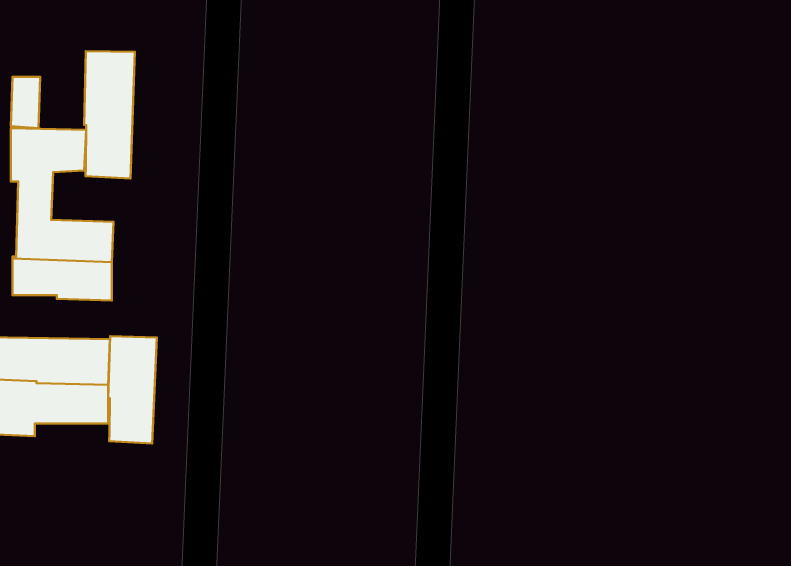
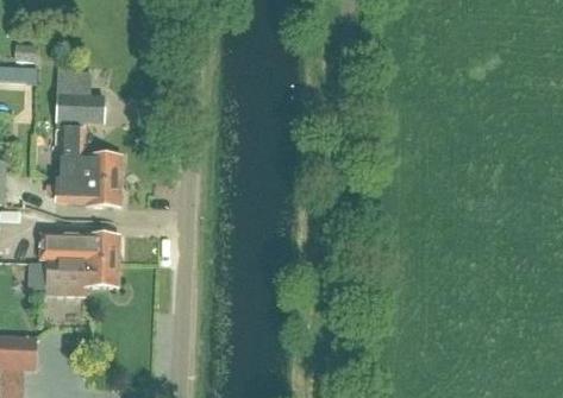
building: [84,51,135,178] -> none
building: [108,336,157,444] -> none

